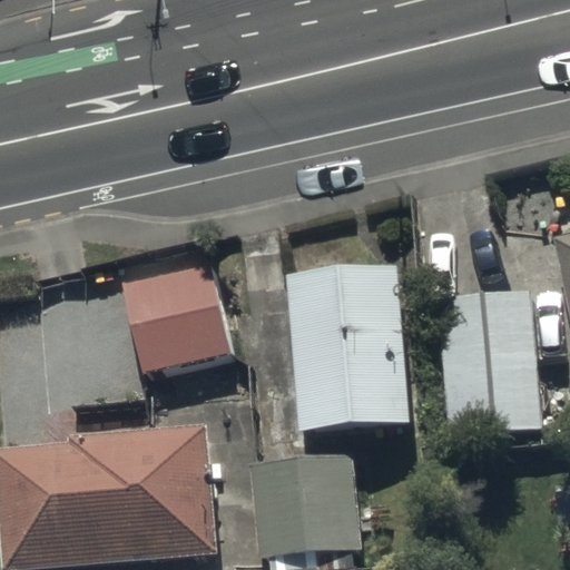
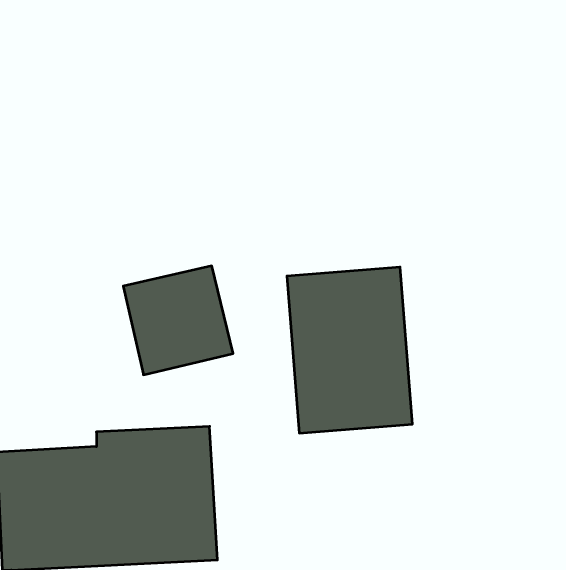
building: [436,289,542,438] -> none
building: [246,454,361,558] -> none

